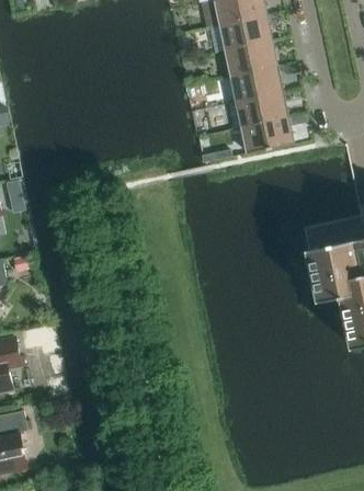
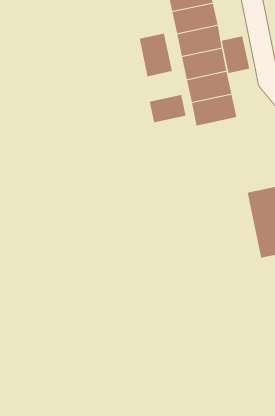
building: none -> [139,33,172,77]
building: none -> [221,36,250,74]
building: none -> [149,94,186,123]

